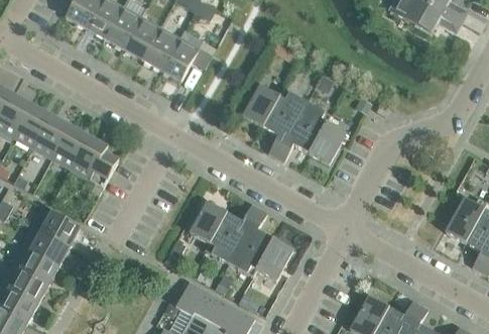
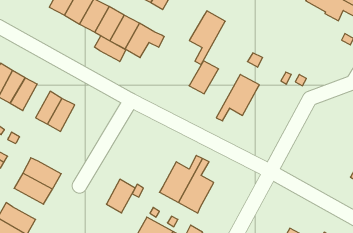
building: none -> [94,36,126,62]
building: [261,89,307,156] -> [189,11,225,64]
building: [32,114,67,156] -> none
building: [310,122,346,163] -> none
building: [80,140,118,195] -> none
building: [190,201,226,243] -> [106,179,135,213]
building: [256,238,292,280] -> none
building: [11,245,58,285] -> none

